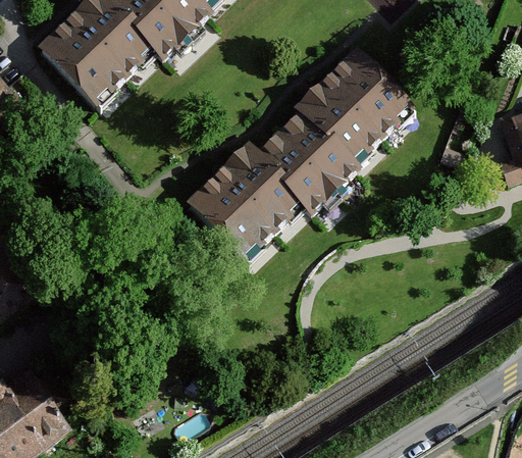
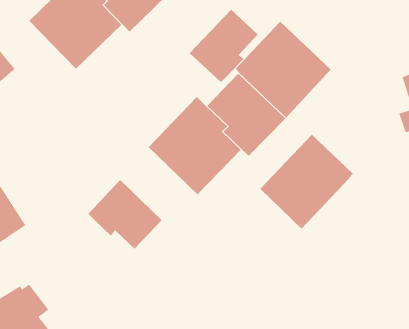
building: none -> [189,9,258,83]
building: none -> [260,134,354,229]
building: none -> [88,179,163,249]

